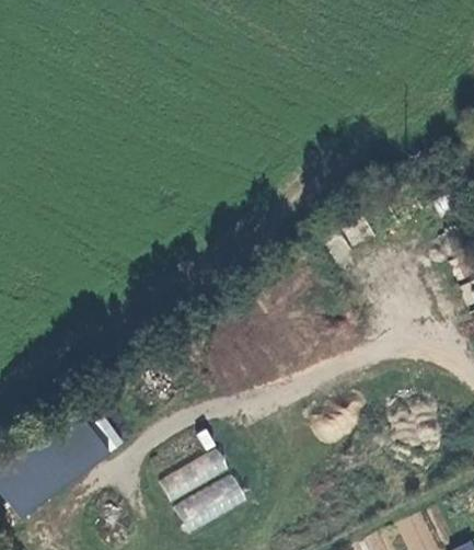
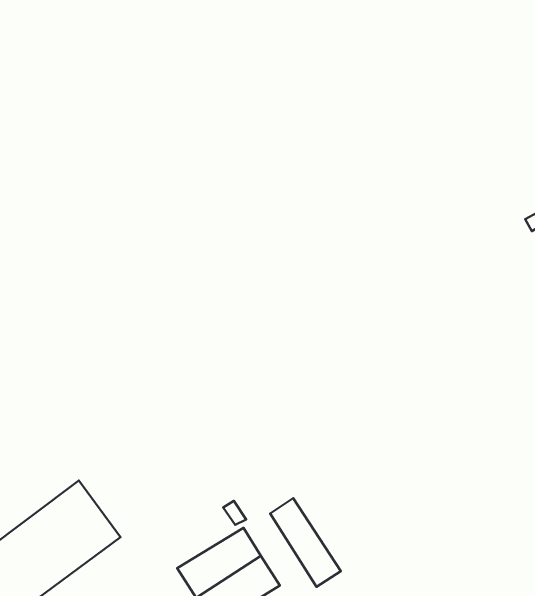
building: none -> [270,498,341,587]

